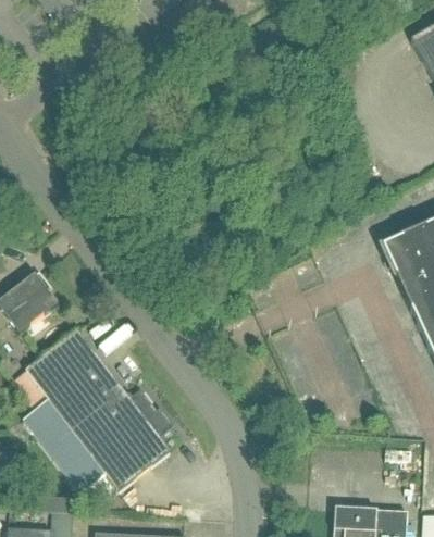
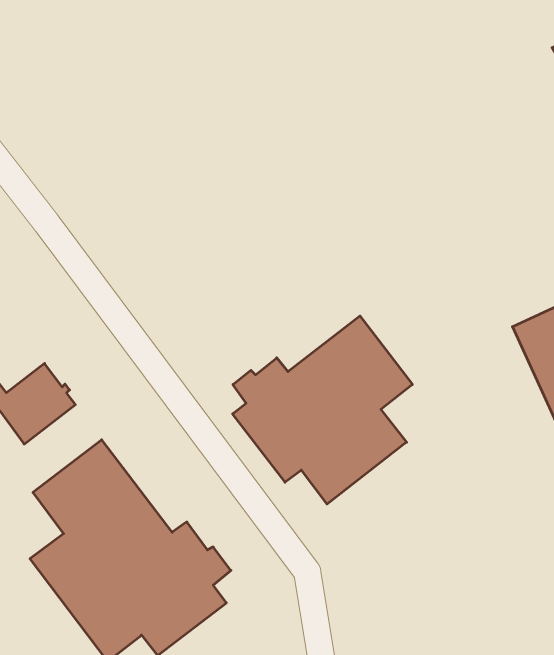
building: none -> [233,316,412,504]

